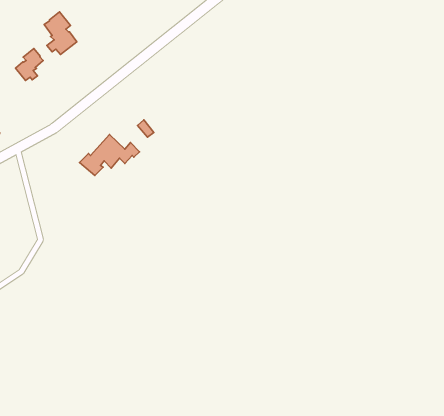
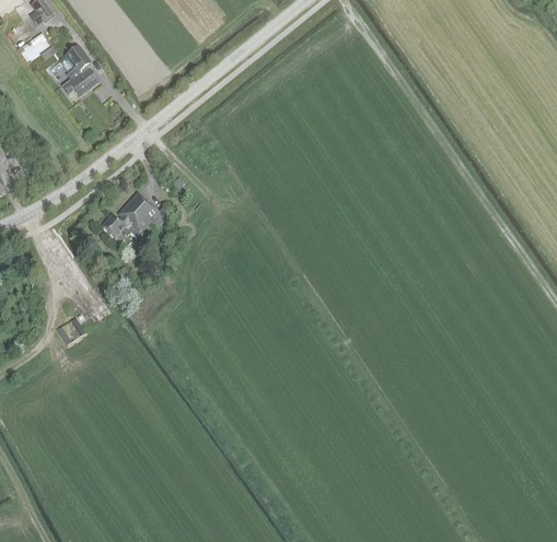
building: [16,48,43,80] -> none

